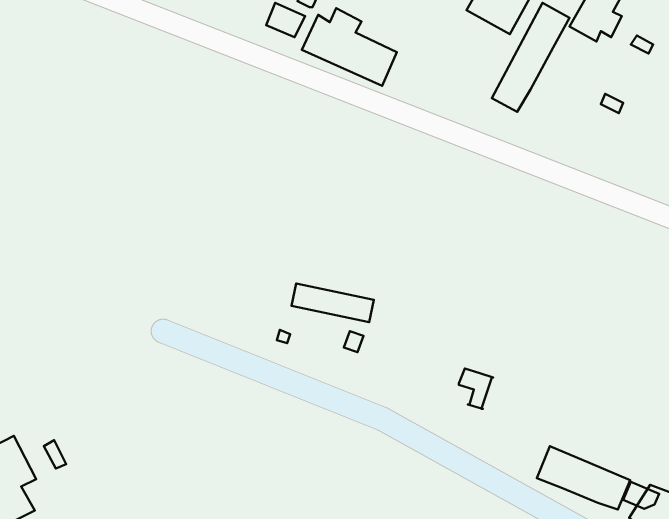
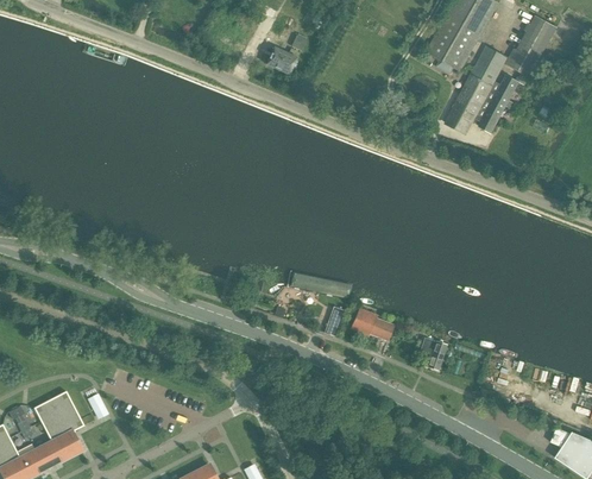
building: [302,8,397,86] -> none
building: none -> [479,76,527,133]
building: none -> [351,308,395,341]
building: [537,446,630,510] -> none

